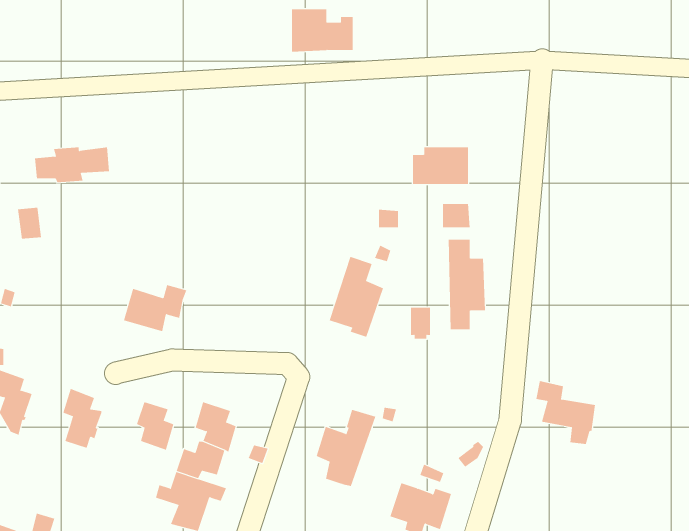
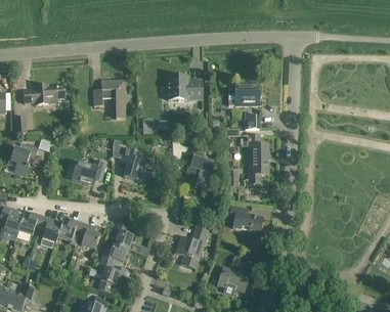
building: [291,9,354,52] -> [167,76,201,99]
building: none -> [92,80,125,118]
building: none -> [9,142,37,176]
building: none -> [120,147,145,181]
building: [535,380,596,445] -> [228,205,261,239]
building: none -> [15,211,42,240]
building: none -> [56,218,82,244]

